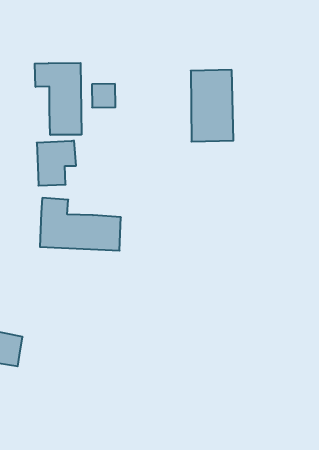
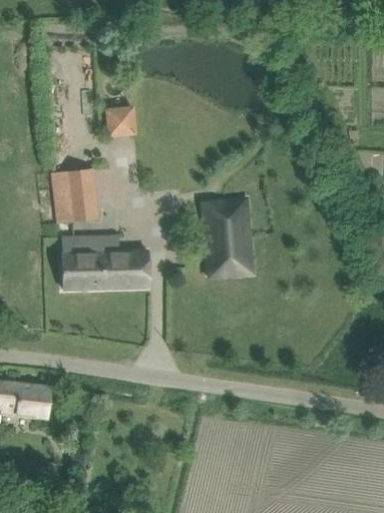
building: [35,63,81,135] -> none
building: [191,70,233,142] -> [203,197,254,278]

